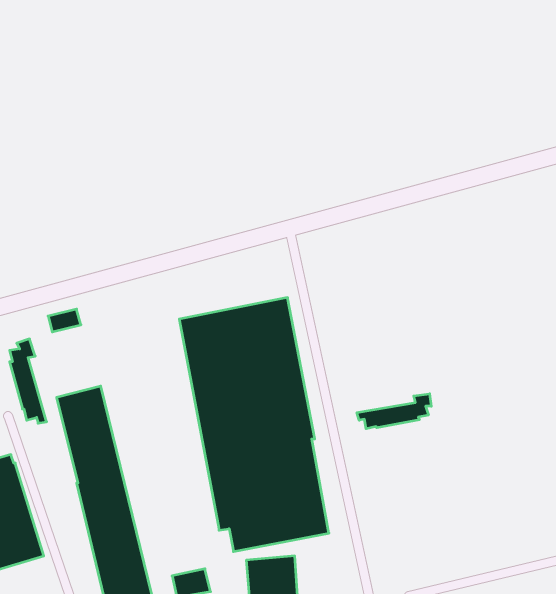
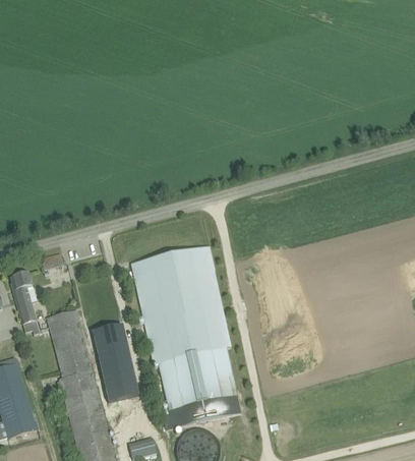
building: [357,394,431,429] -> none
building: none -> [92,324,138,402]

